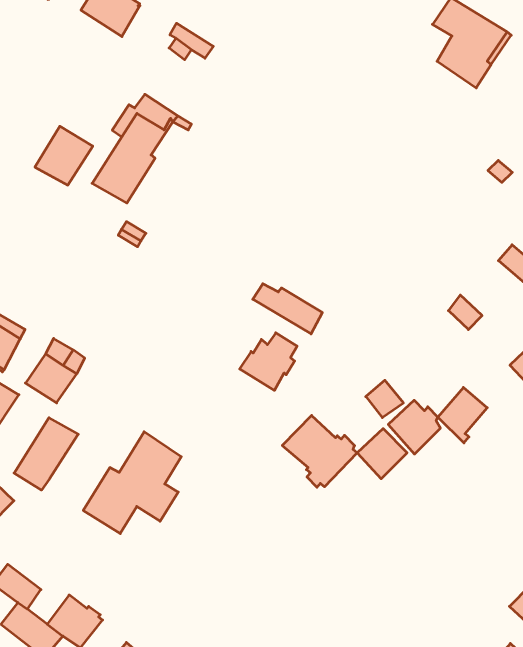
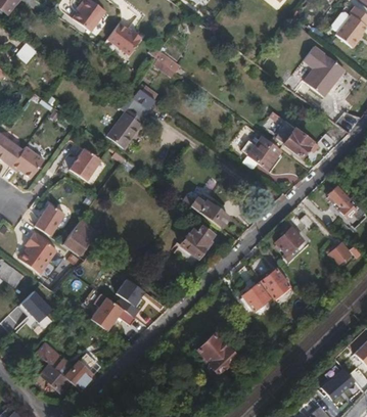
building: none -> [270,110,320,157]
building: [35,126,93,185] -> [70,147,102,180]
building: none -> [247,135,281,170]
building: [438,387,487,443] -> [276,226,304,257]
building: [282,415,357,487] -> [196,333,237,373]
building: [14,418,78,490] -> none

